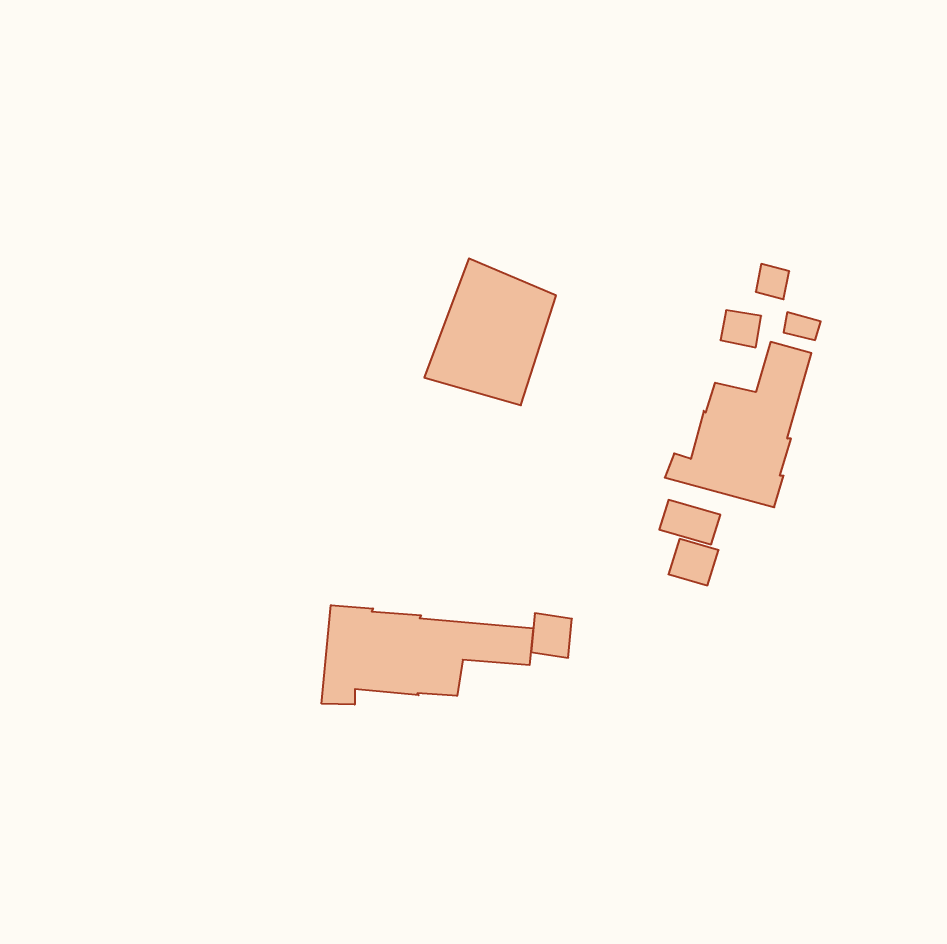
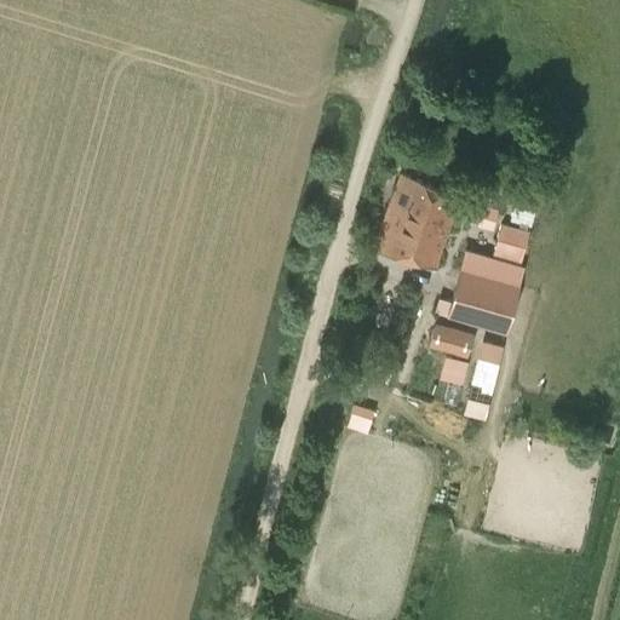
building: [424,258,556,405] -> [373,174,459,270]
building: [322,605,533,705] -> none

